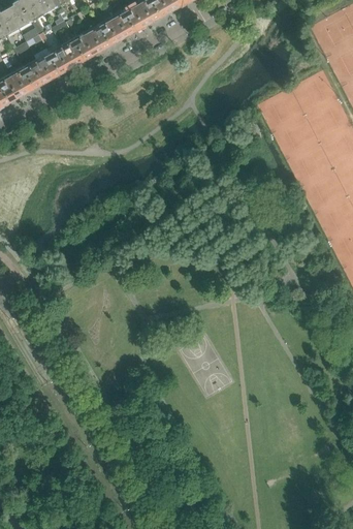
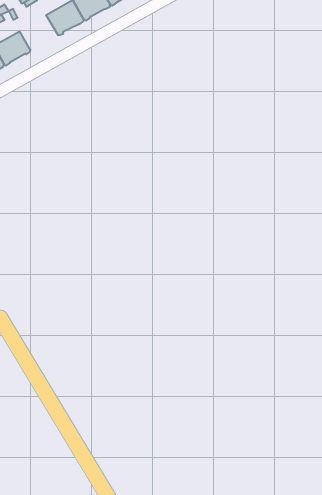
building: [51,40,87,72] -> none

